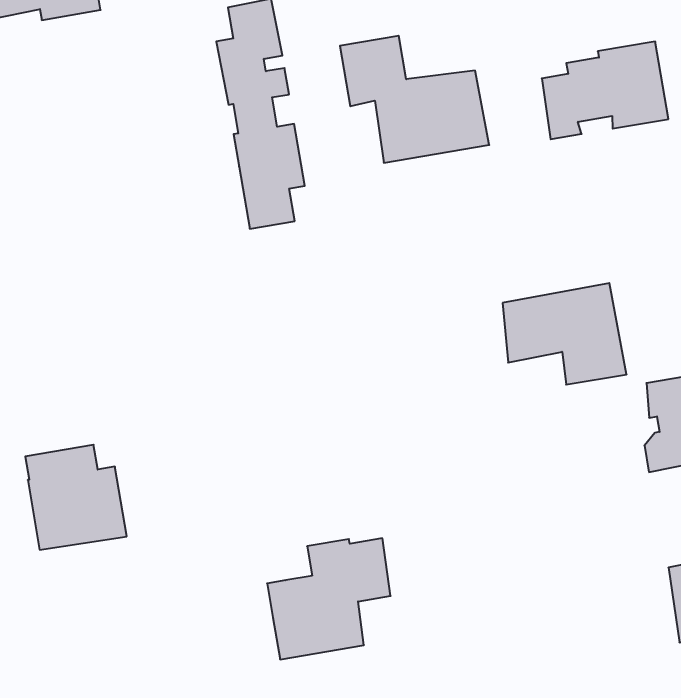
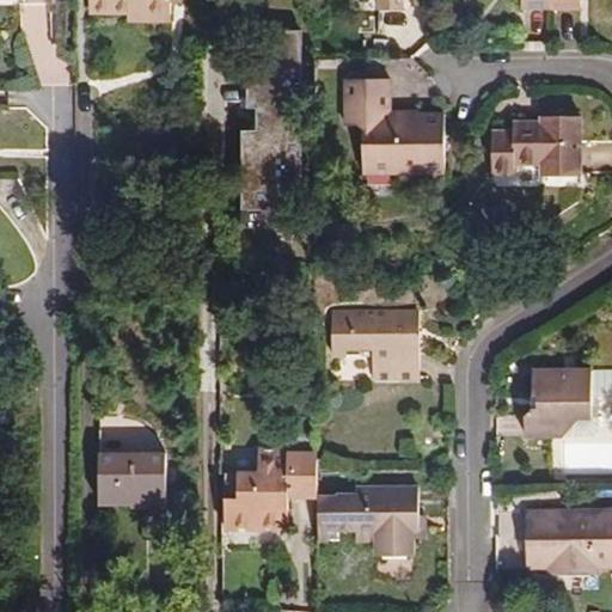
building: [503,283,627,385] -> [331,308,418,379]
building: [25,445,127,550] -> [98,433,165,506]
building: none -> [314,484,420,556]

